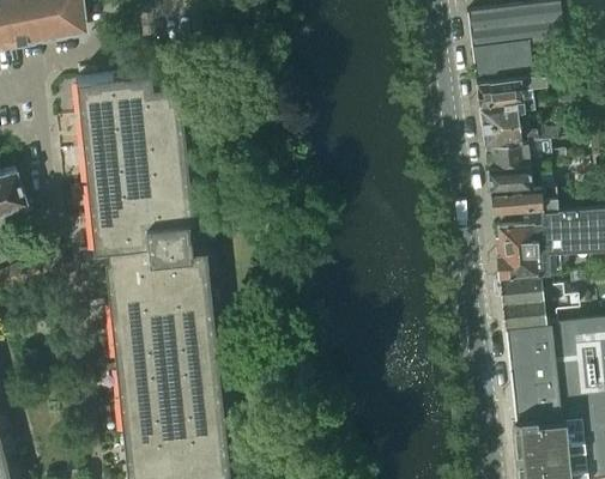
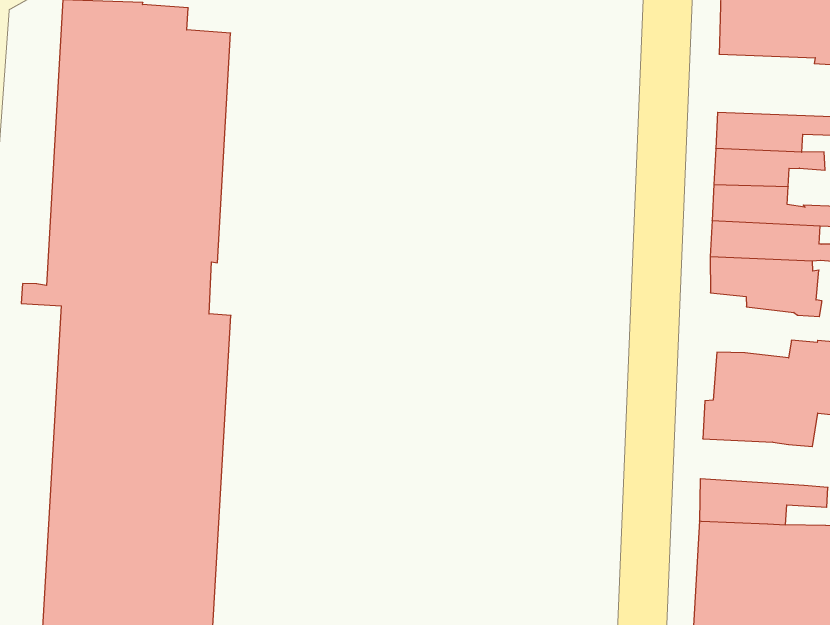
building: [471,42,532,78] -> none
building: [489,190,557,213] -> none
building: [498,274,563,303] -> none

